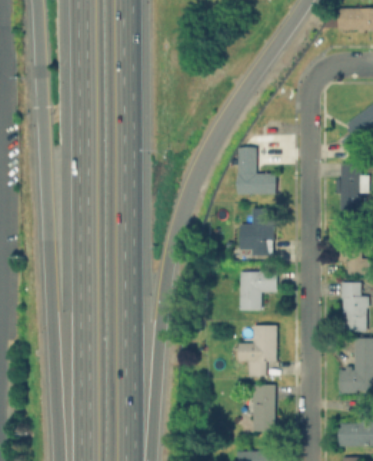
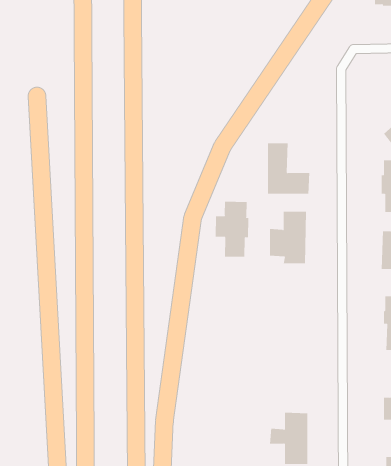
building: none -> [215,201,249,257]
building: [240,273,276,310] -> none
building: [238,327,276,376] -> none

